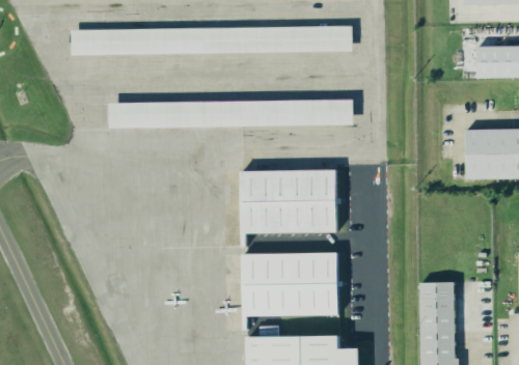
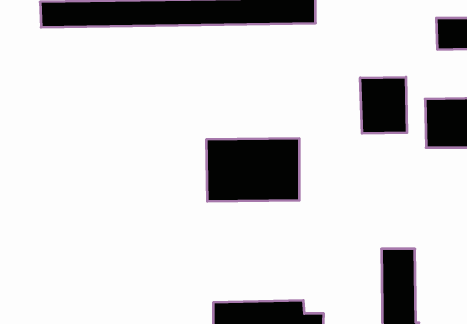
building: [108,99,353,128] -> none
building: none -> [360,77,407,133]
building: [241,252,337,315] -> none

